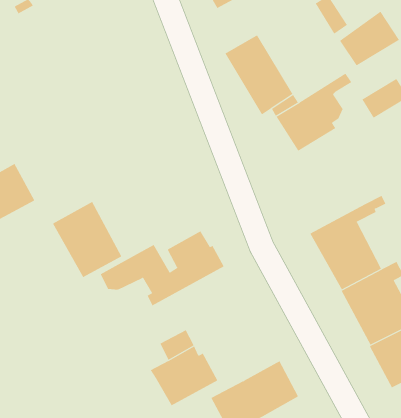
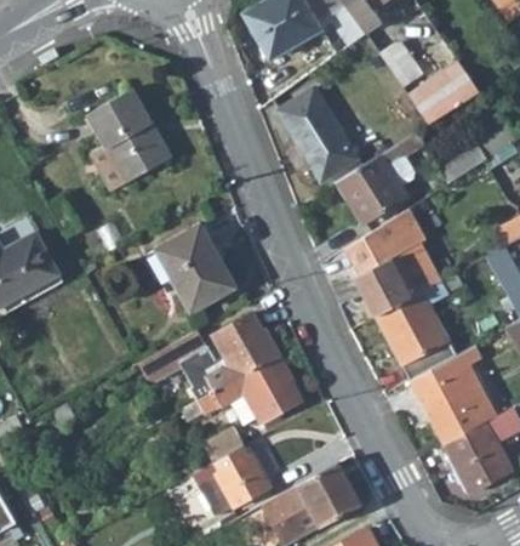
building: none -> [92,89,175,182]
building: none -> [344,210,438,315]
building: [52,201,122,278] -> [156,223,236,311]
building: none -> [195,353,299,425]

